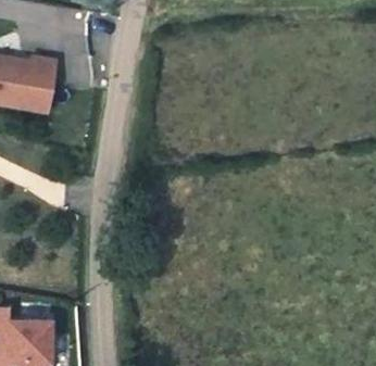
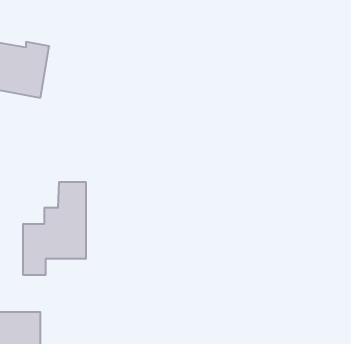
building: none -> [23,182,86,275]

